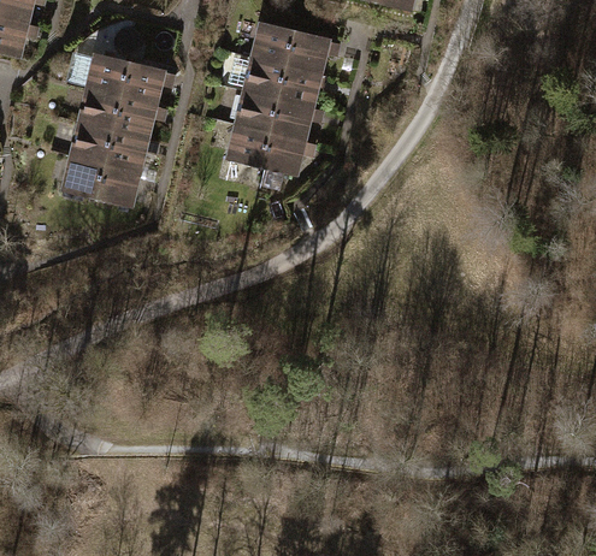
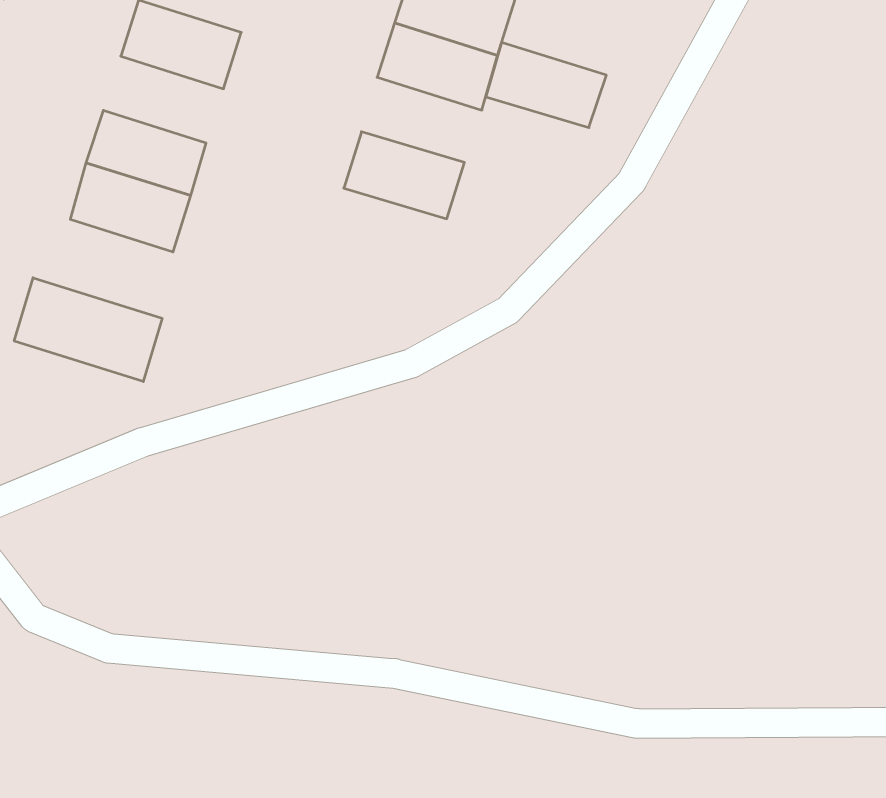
building: [82,88,154,137] -> none
building: [240,90,312,138] -> [486,42,606,128]
building: none -> [14,278,162,382]

